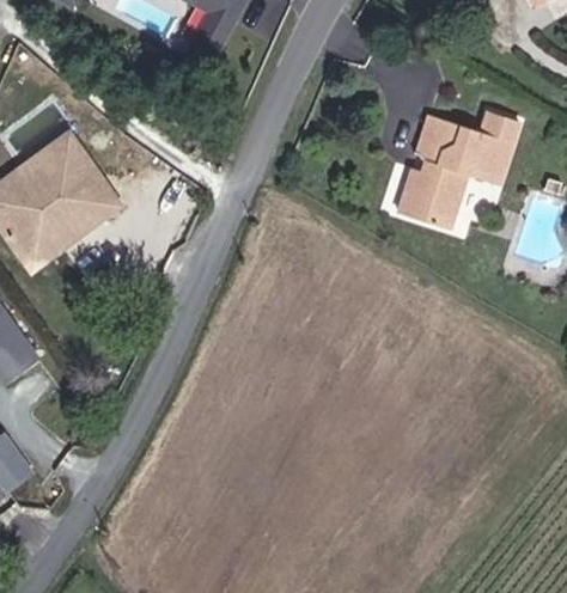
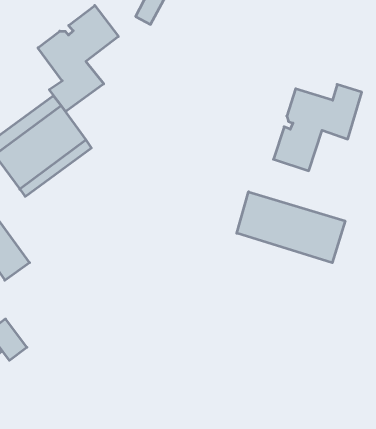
building: none -> [38,5,118,111]
building: none -> [237,192,345,263]

